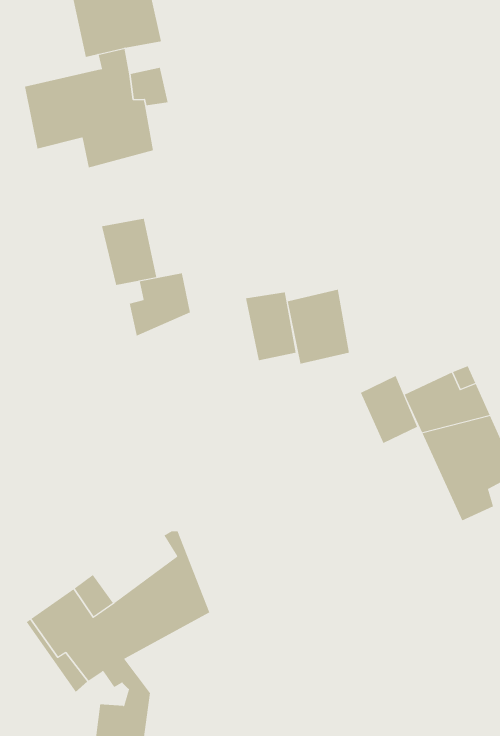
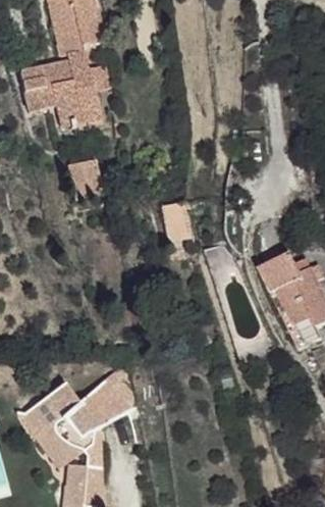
building: [129,272,191,337] -> none
building: [287,289,349,364] -> none
building: [360,375,418,444] -> none

